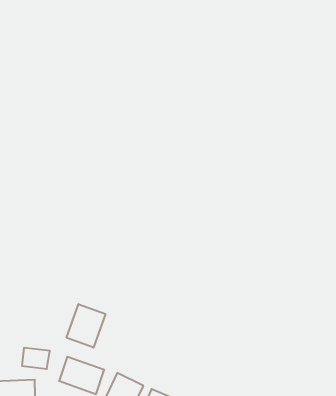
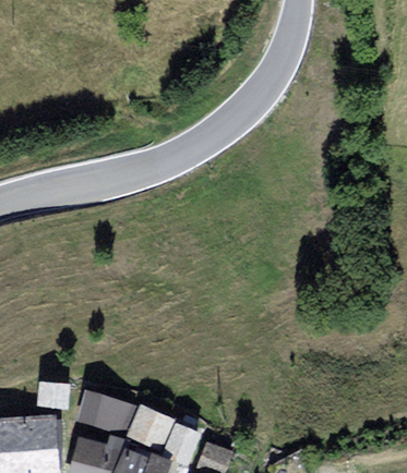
building: [67,304,105,348] -> none

